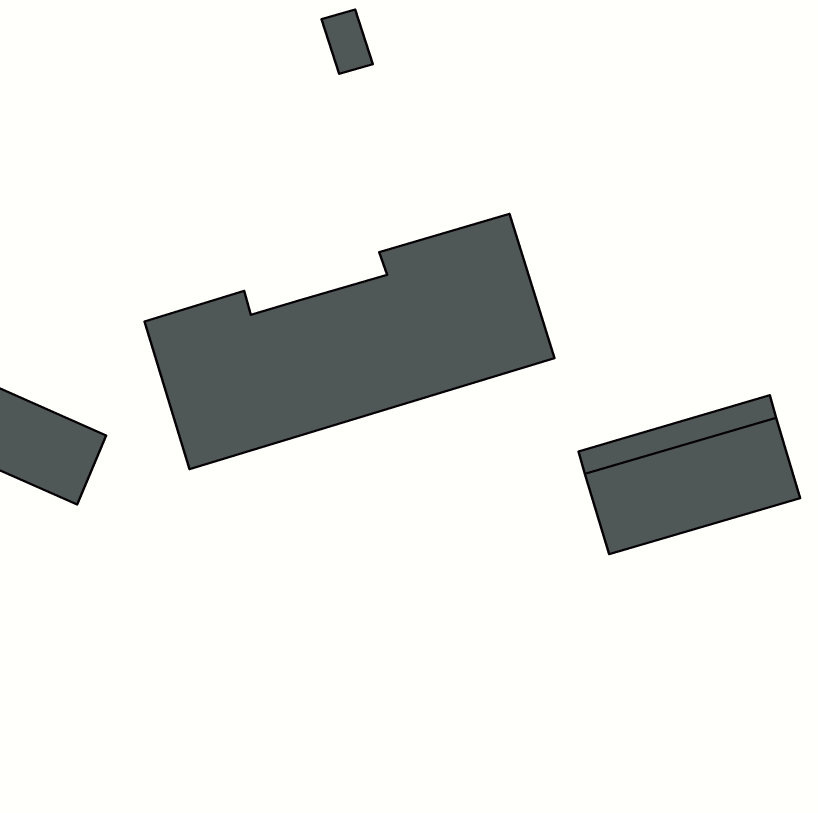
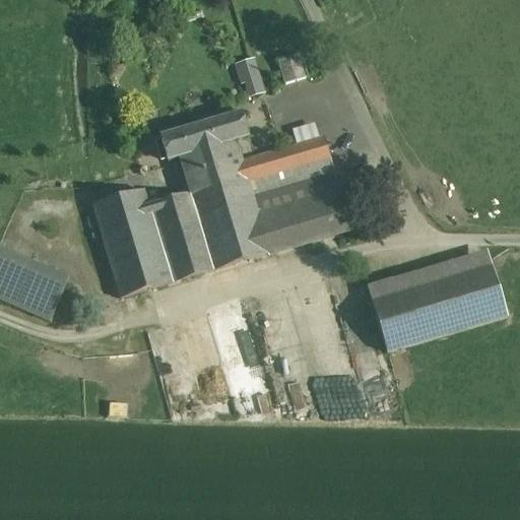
building: [321,10,373,74] -> [234,53,266,93]
building: none -> [275,51,306,81]
building: none -> [158,111,247,190]

